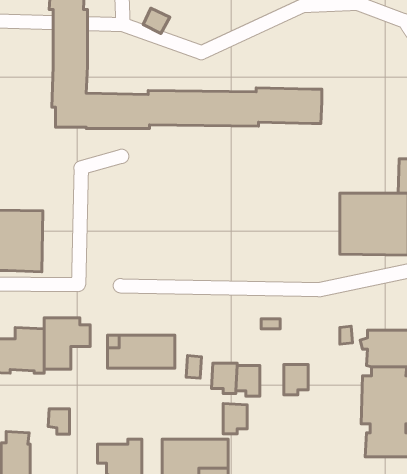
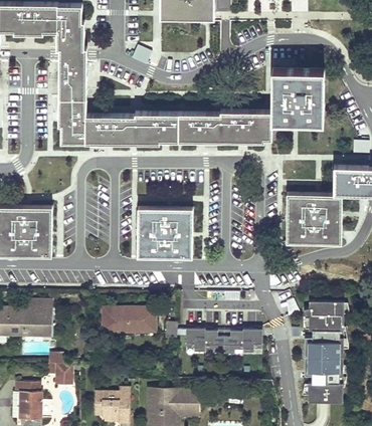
building: none -> [272,70,324,122]
building: none -> [138,208,192,257]
building: [44,318,90,369] -> none
building: [223,404,247,434] -> [223,331,242,355]

